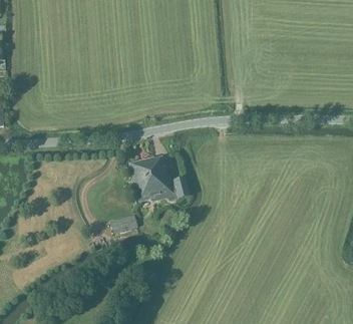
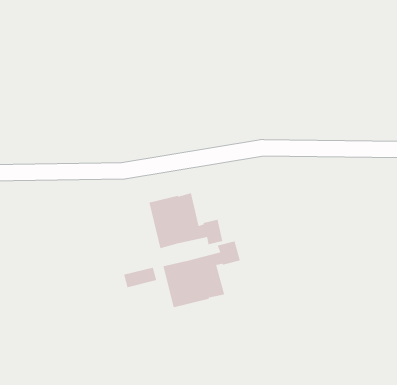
building: none -> [162,241,241,308]

